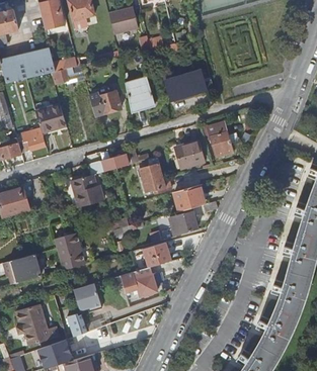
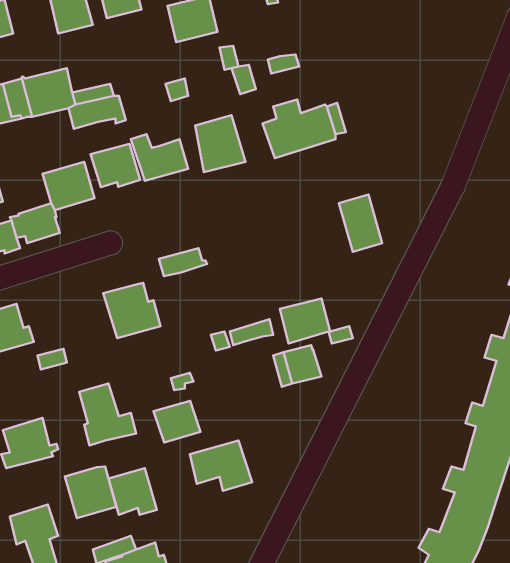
building: none -> [91,144,140,187]
building: [171,142,205,170] -> none
building: [140,157,172,194] -> none
building: [144,243,171,267] -> [154,401,200,442]
building: none -> [65,466,116,518]

